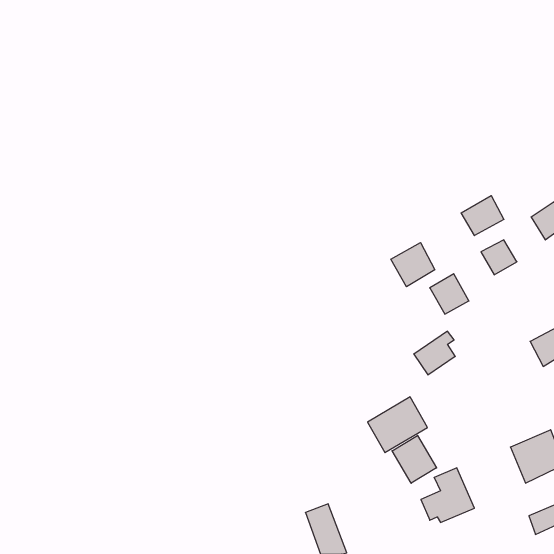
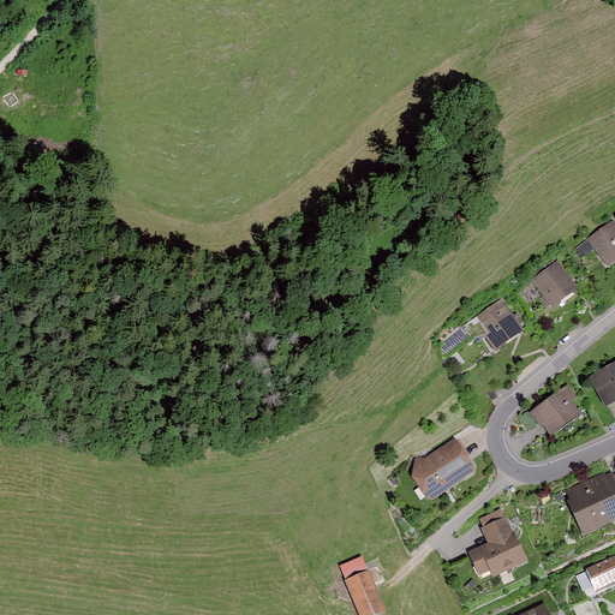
building: [461,196,504,236] -> none
building: [391,243,435,287] -> none
building: [414,331,455,375] -> [531,384,577,432]
building: [392,435,437,483] -> none

